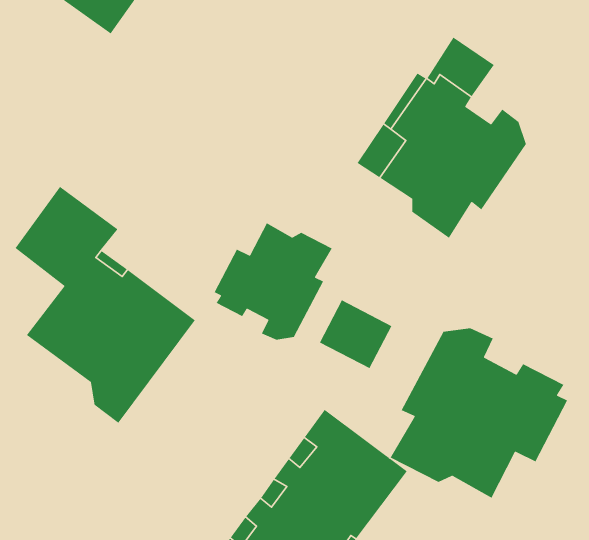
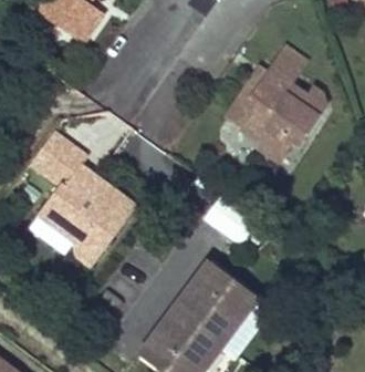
building: [214,222,333,341] -> none
building: [390,327,568,499] -> none

